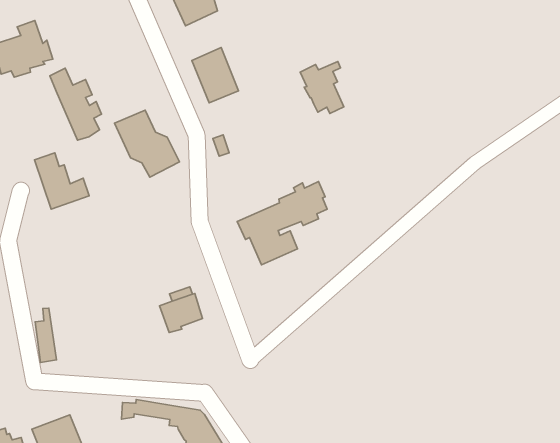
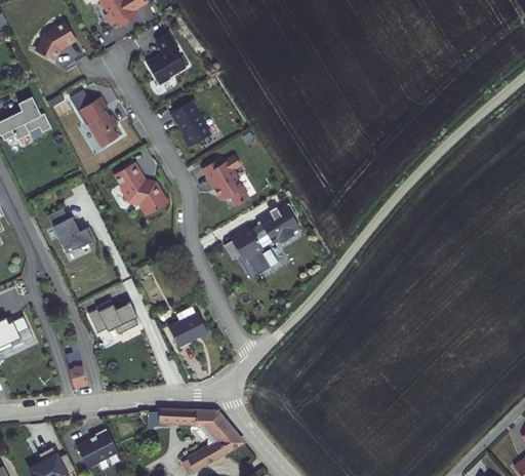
building: [300,61,344,114] -> [206,156,247,201]
building: [50,68,102,140] -> [71,90,119,150]
building: none -> [96,300,137,332]

